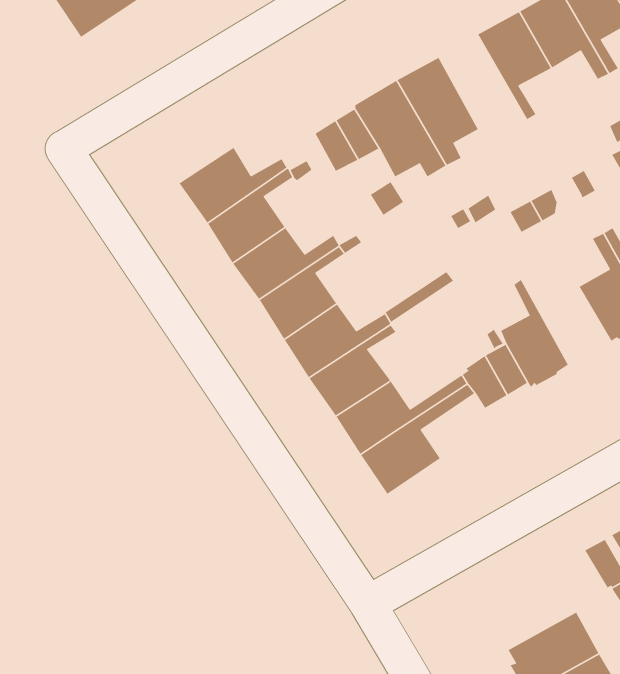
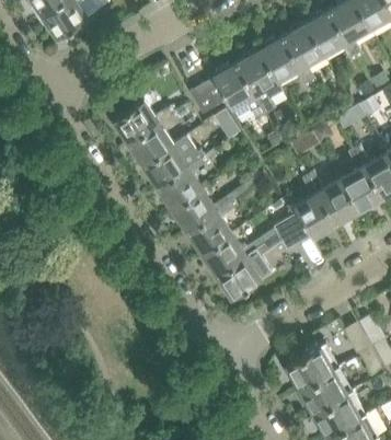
building: none -> [261,35,311,88]
building: none -> [308,172,359,224]
building: none -> [286,341,340,387]

